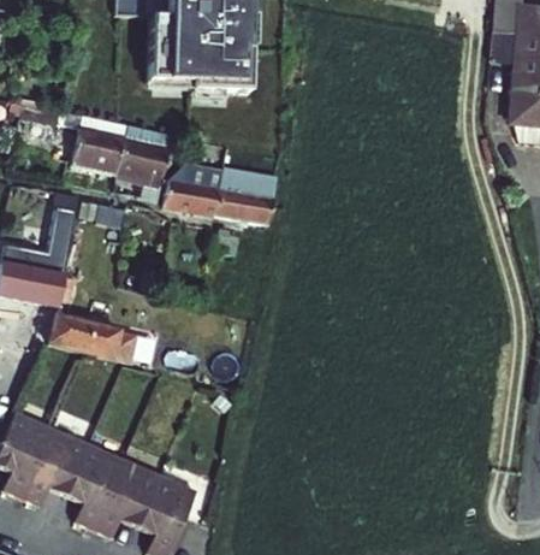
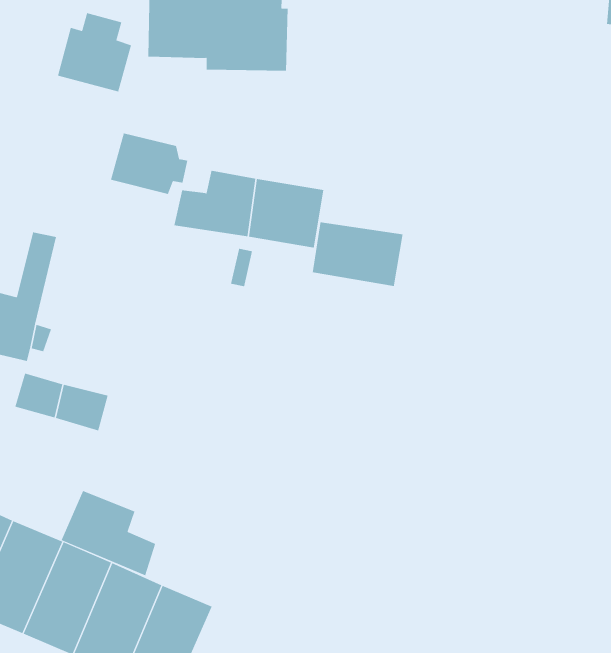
building: [77,113,132,172] -> [57,13,132,92]
building: none -> [312,222,403,287]
building: none -> [61,490,156,576]

